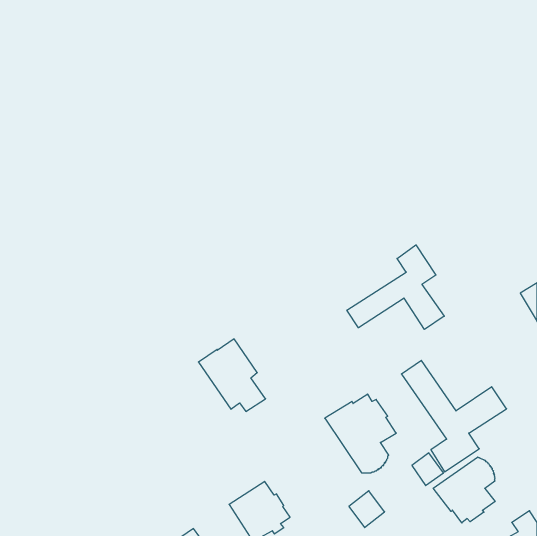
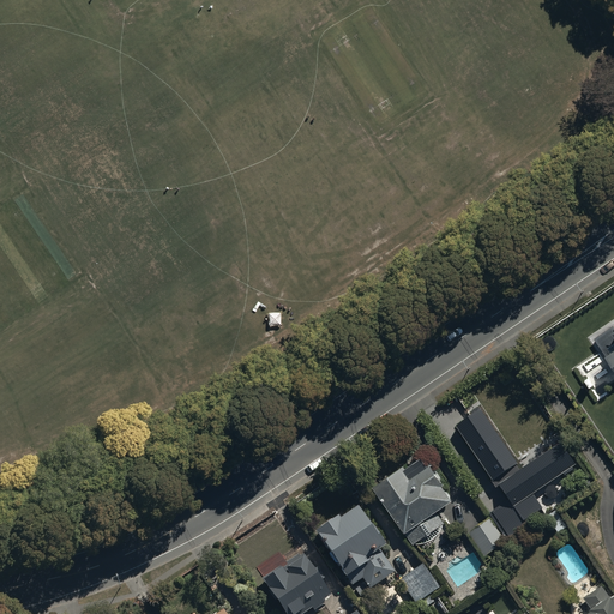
building: [347,245,444,329] -> none
building: [198,339,266,411] -> [315,500,392,583]
building: [433,457,495,523] -> none

